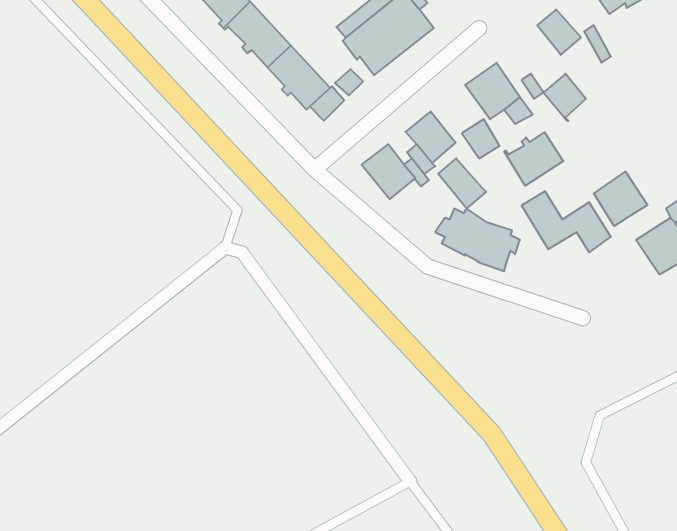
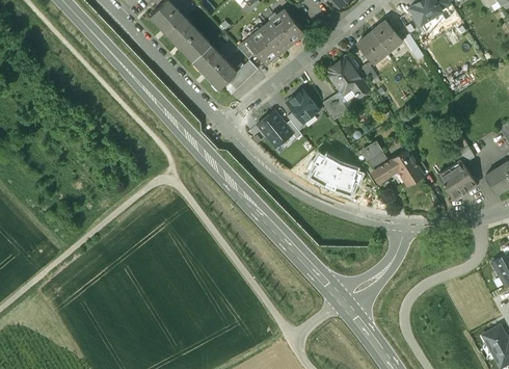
building: [544,74,586,121] -> [358,31,386,62]
building: [504,132,563,186] -> none
building: [438,158,486,209] -> none
building: [594,172,647,226] -> none

